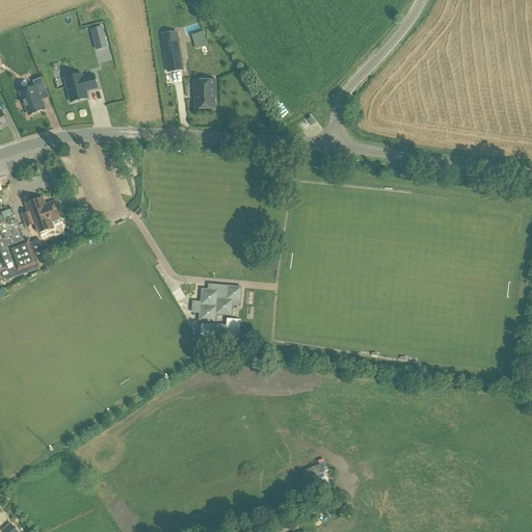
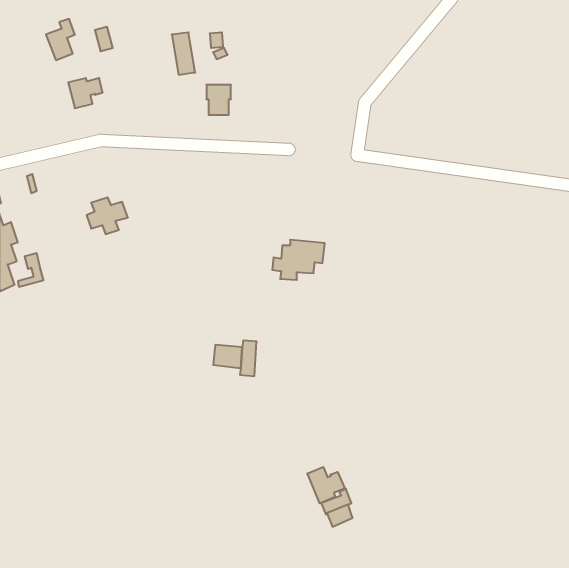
building: [19,76,46,114] -> [46,19,75,60]
building: [21,196,59,231] -> [87,197,128,234]
building: [191,283,240,320] -> [272,240,325,280]
building: none -> [307,467,345,503]

